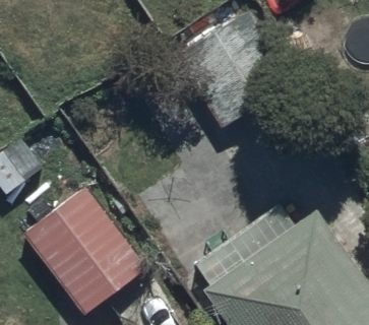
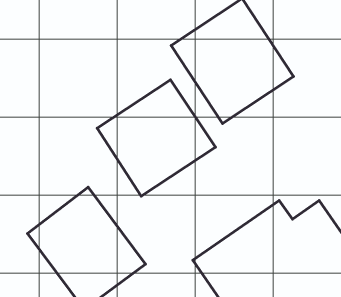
building: none -> [97,80,216,196]

